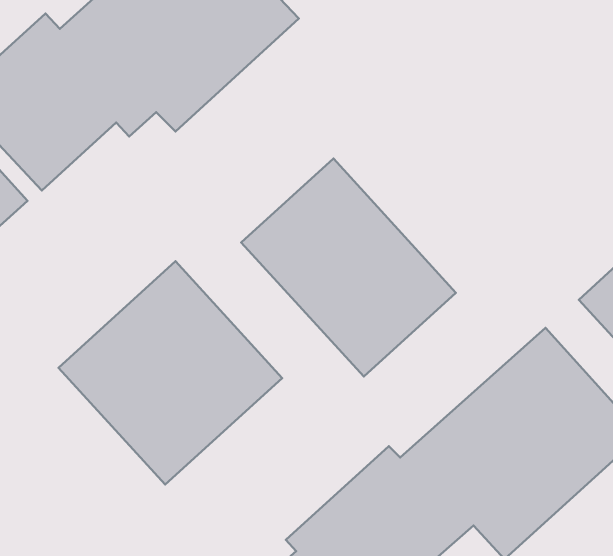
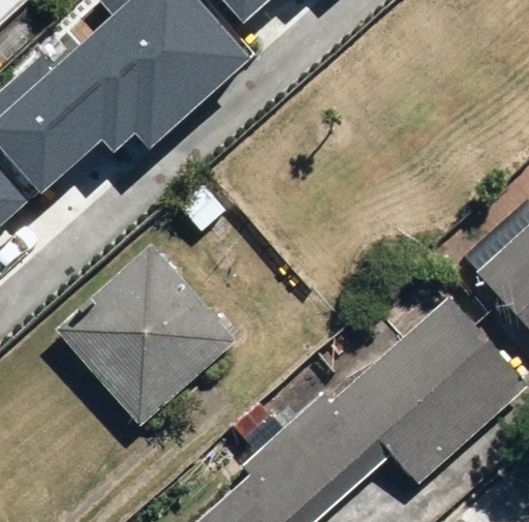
building: [241,158,456,377] -> none

